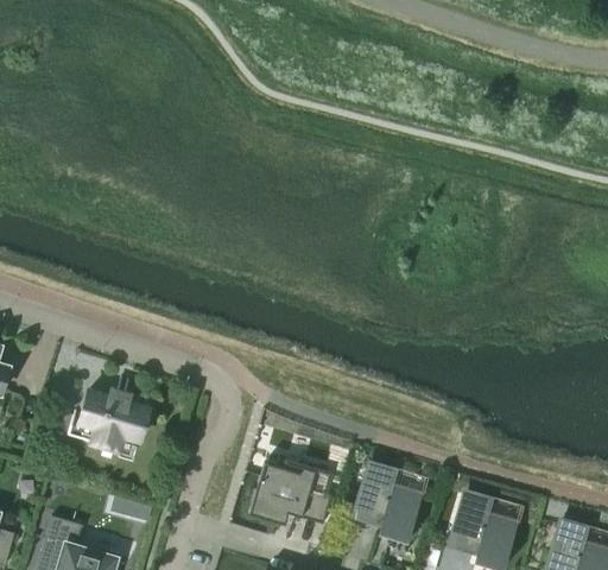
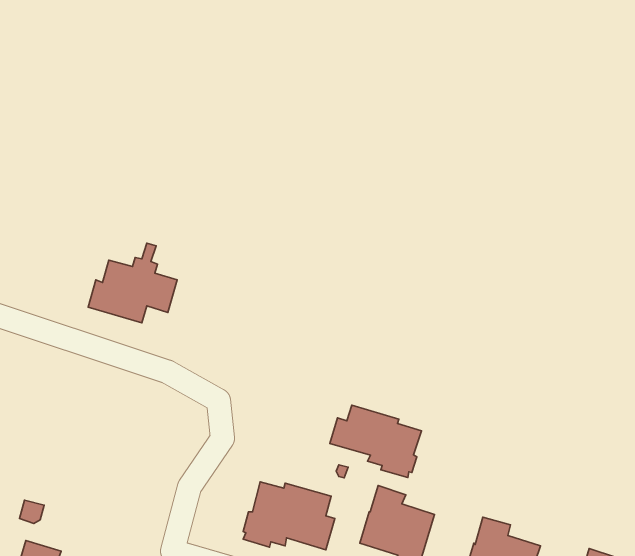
building: [69,375,150,448] -> [88,243,177,323]
building: none -> [330,405,421,478]

